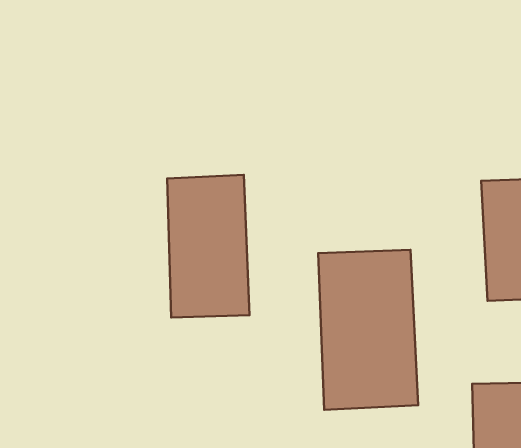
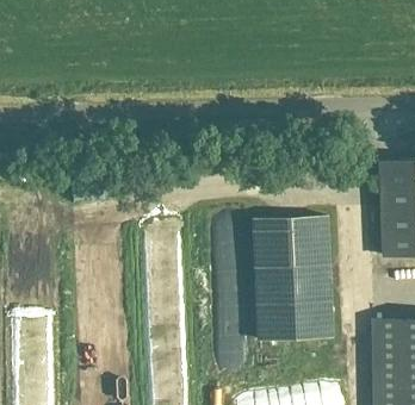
building: [167,175,249,317] -> none

